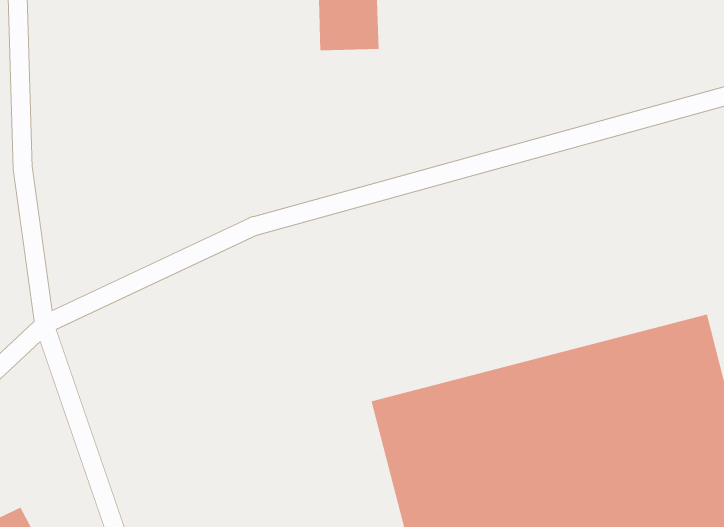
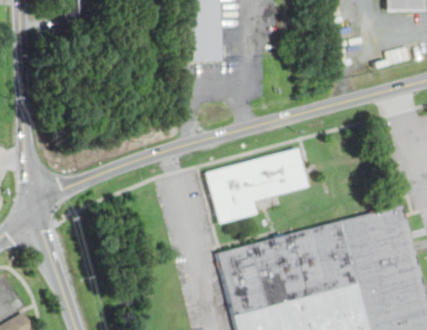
building: none -> [206,149,308,224]

